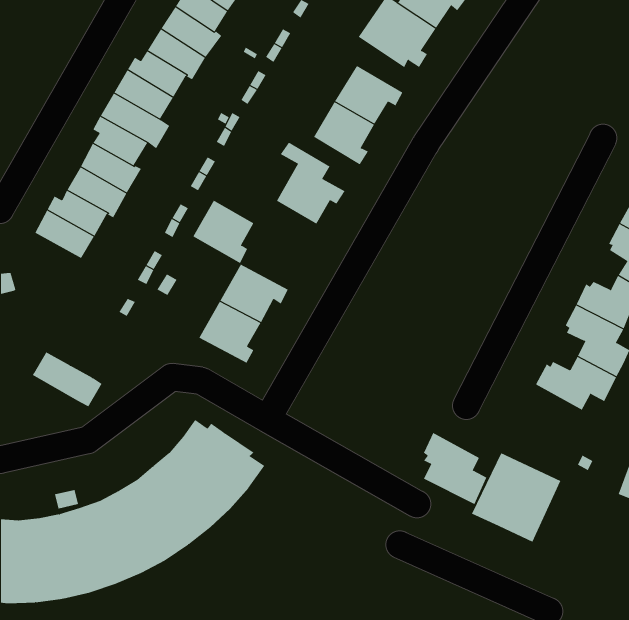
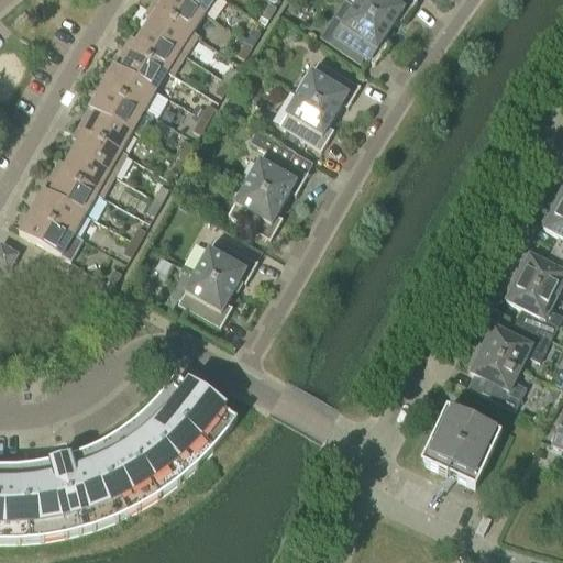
building: [192,200,254,264] -> [229,179,284,236]
building: [32,352,103,407] -> [20,208,82,257]
building: [423,432,487,505] -> [470,343,527,408]

